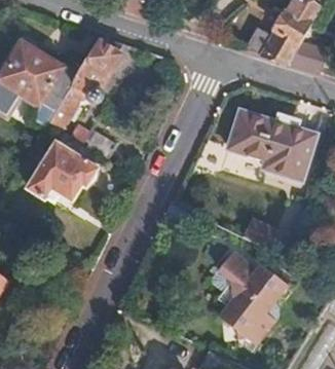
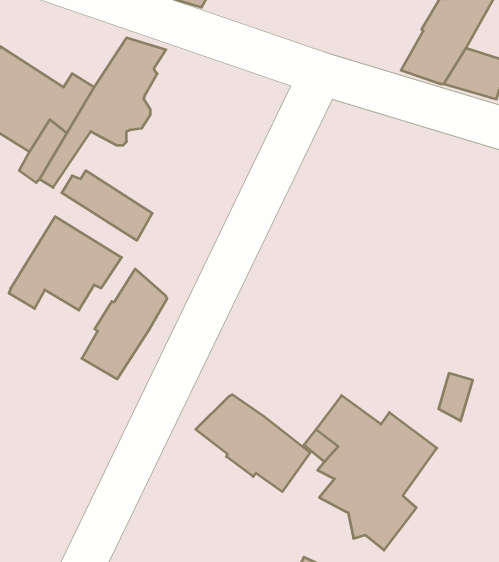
building: [226,110,314,179] -> none
building: none -> [82,269,167,379]
building: none -> [196,395,310,492]

